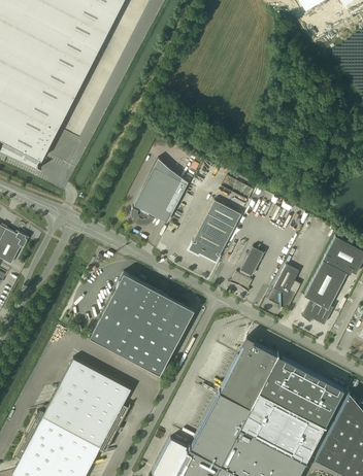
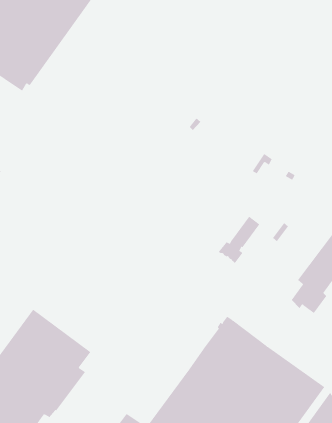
building: [131,159,188,225] -> none
building: [188,200,240,262] -> none
building: [268,265,300,310] -> none
building: [90,272,192,373] -> none

